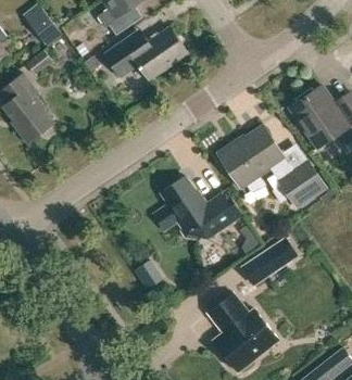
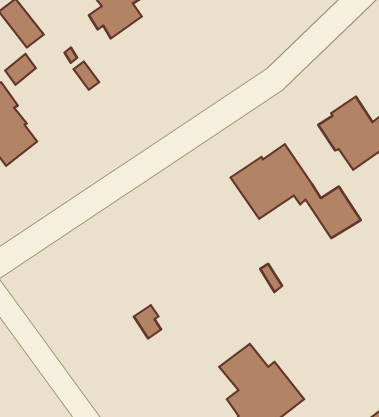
building: [103,26,188,80] -> none
building: [153,177,242,240] -> none
building: [241,239,297,286] -> none

